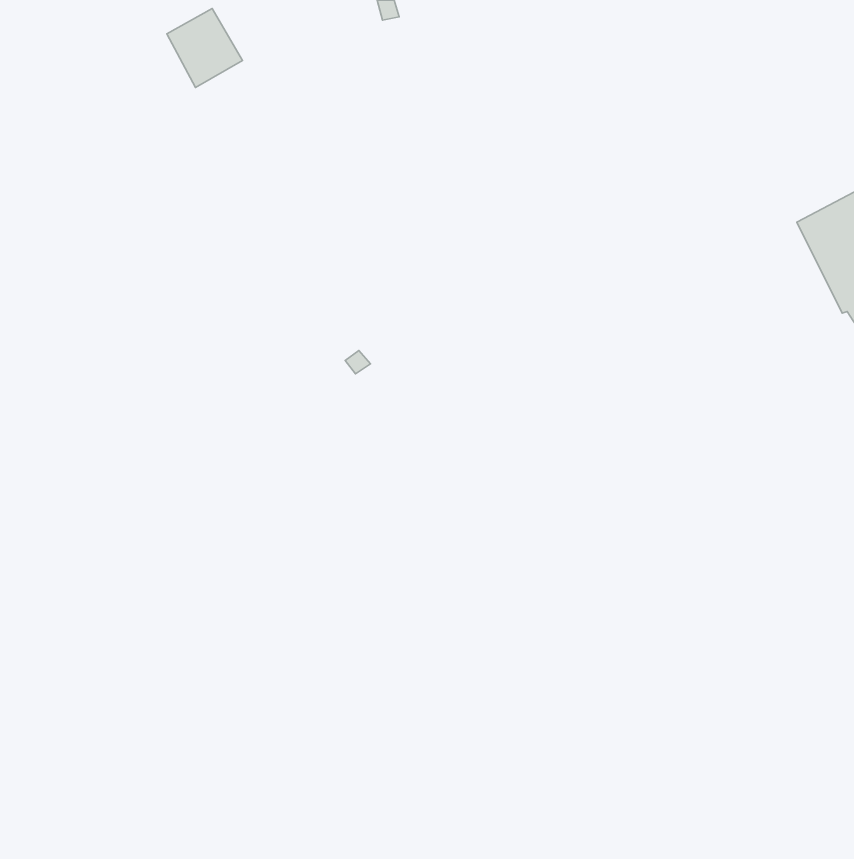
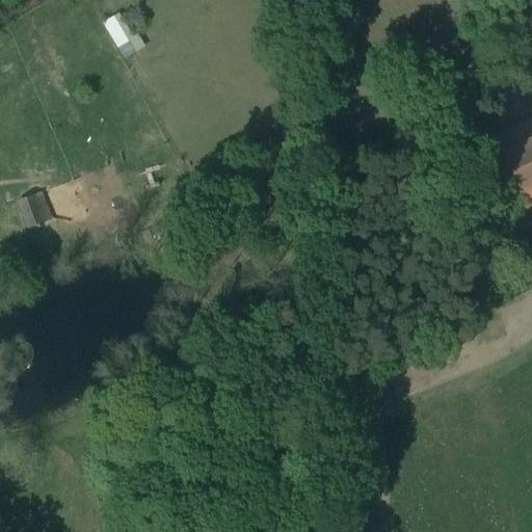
building: none -> [21,192,56,230]

